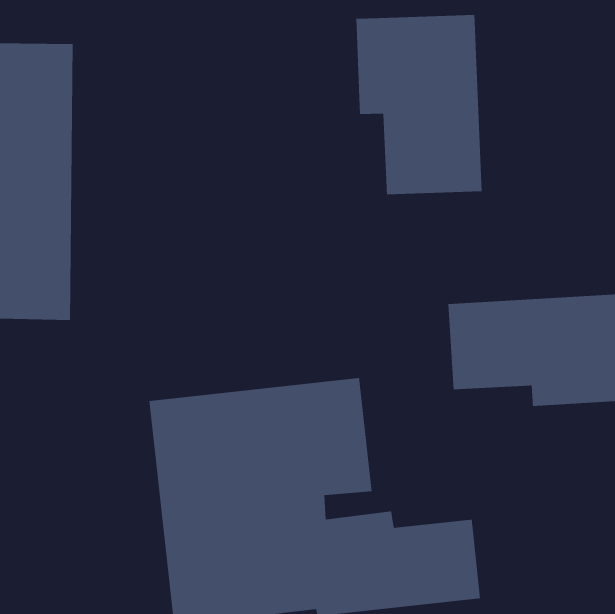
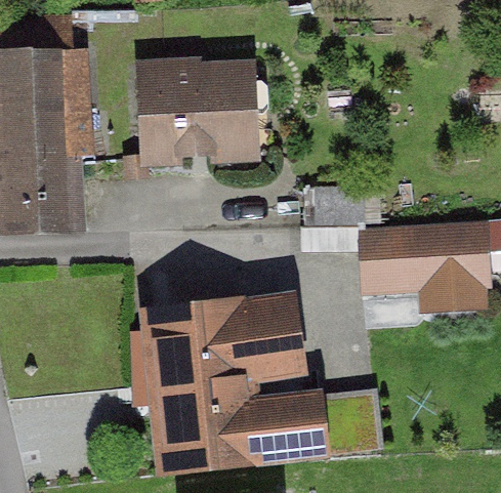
building: [356,14,482,195] -> none
building: none -> [133,59,259,163]

